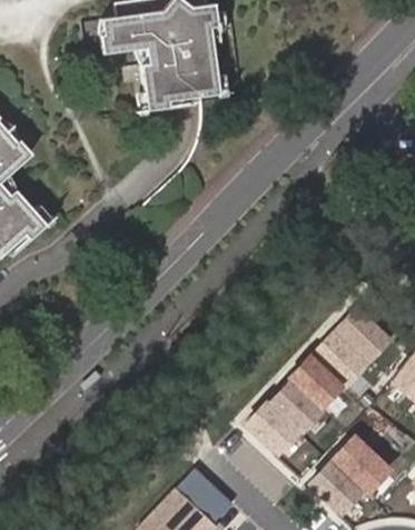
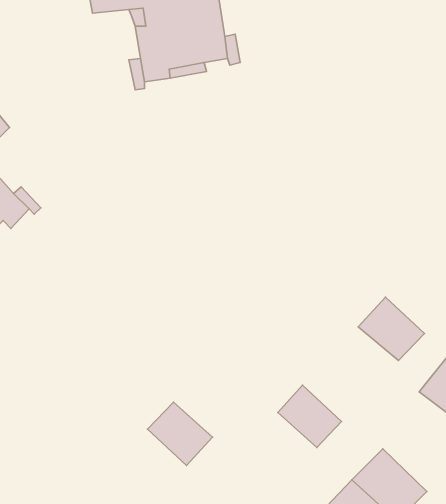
building: [314,327,368,378] -> none
building: [286,354,343,408] -> none
building: [243,400,298,454] -> [148,402,212,466]

